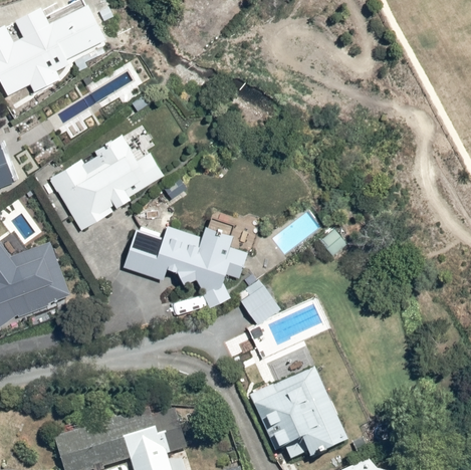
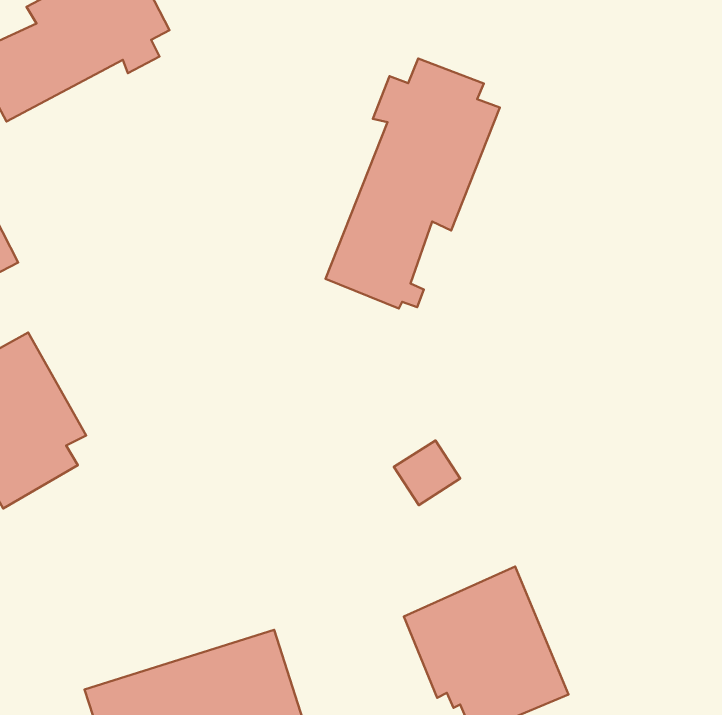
building: none -> [325,58,500,309]
building: [46,133,165,229] -> none
building: [124,220,247,305] -> none

